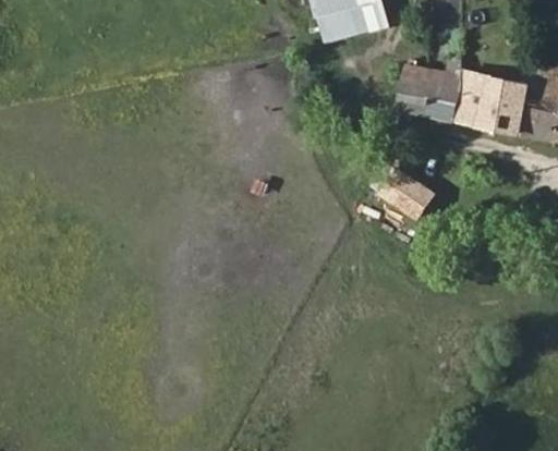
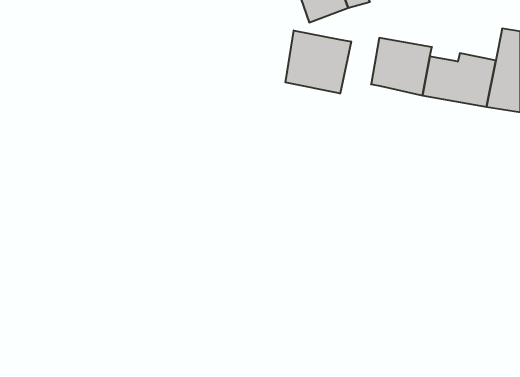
building: none -> [285,30,351,94]
building: [376,162,435,221] -> none

